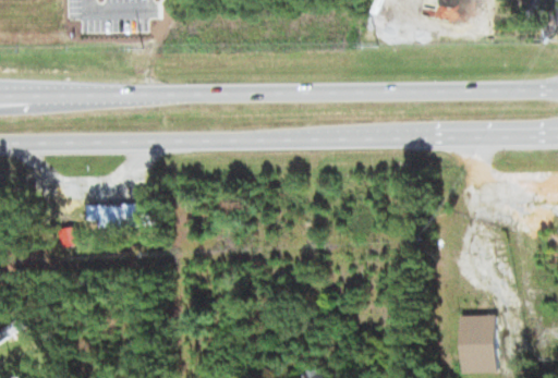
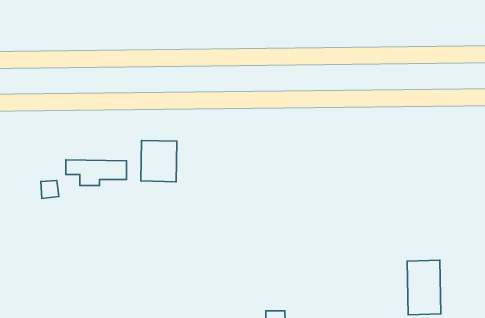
building: none -> [141,140,177,182]

